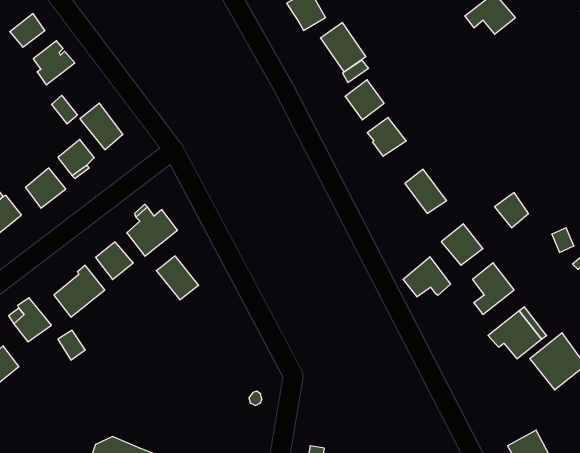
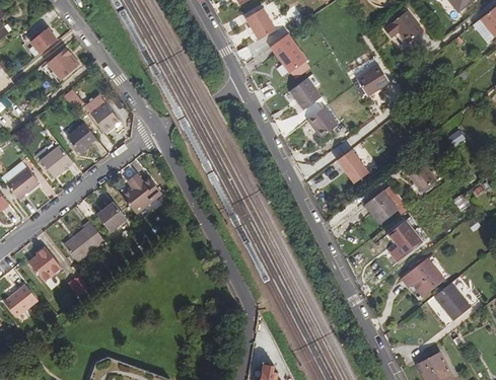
building: none -> [351,57,389,96]
building: [156,256,199,300] -> none
building: [403,257,451,297] -> none

